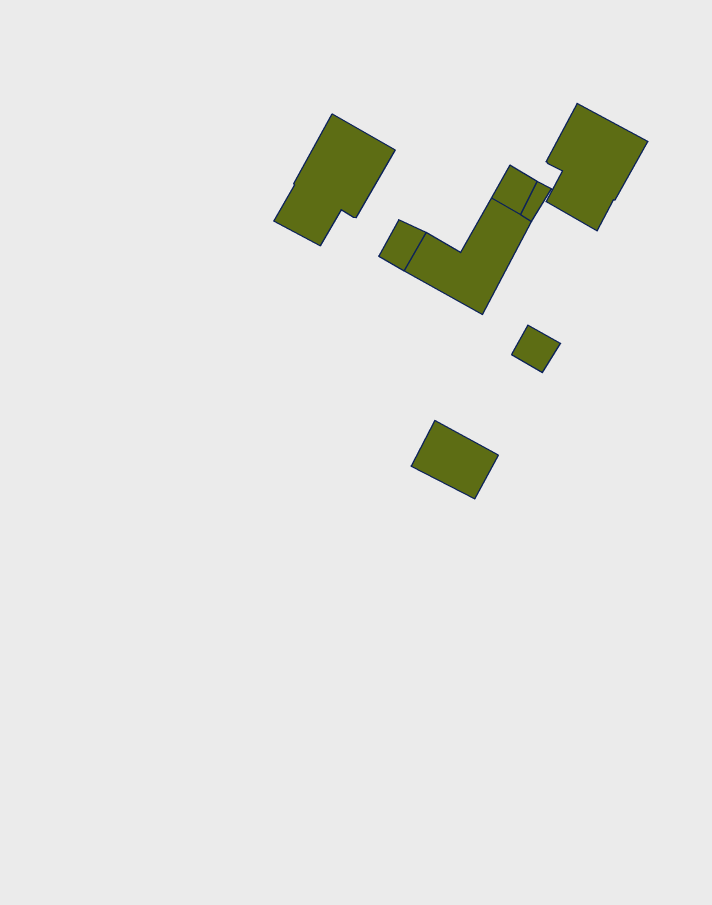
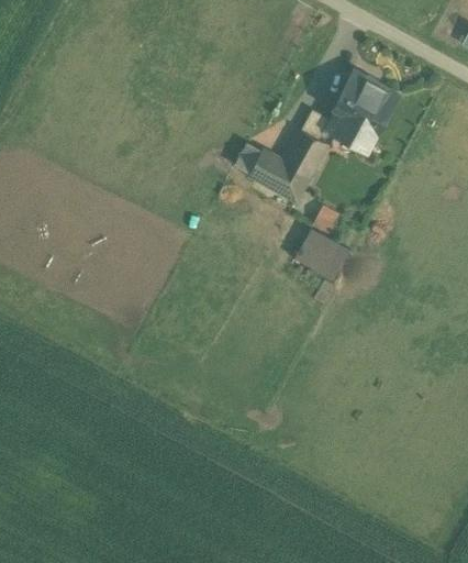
building: [274,114,395,246] -> none
building: [411,421,498,499] -> [296,229,348,276]

